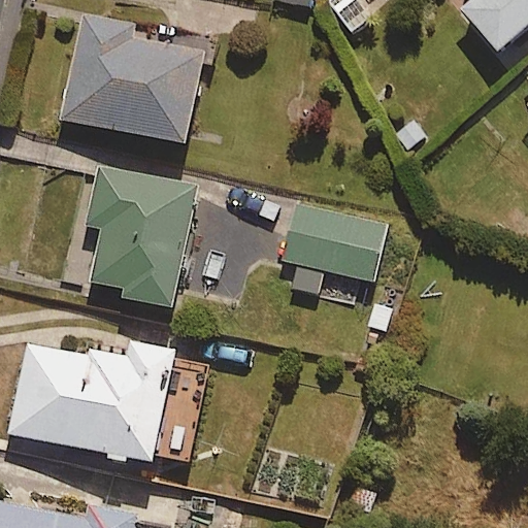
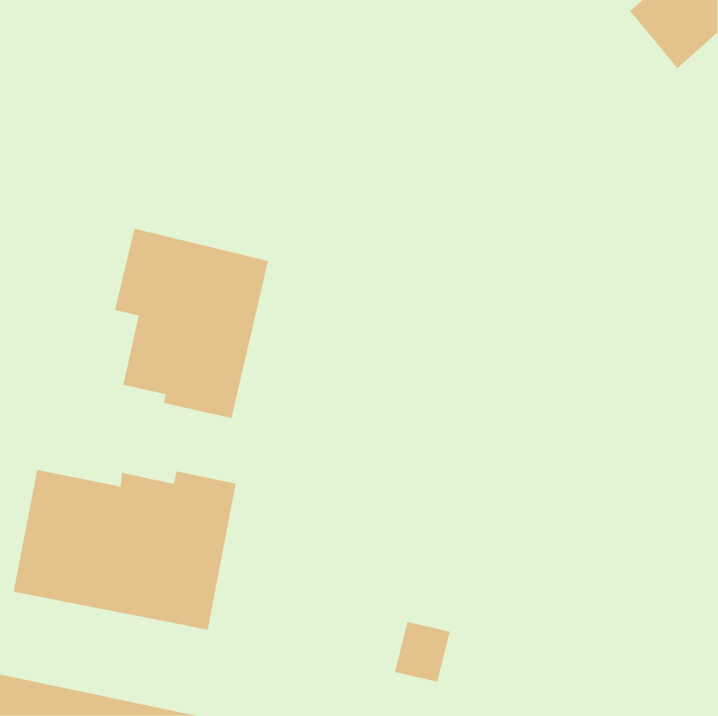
building: [62,15,204,143] -> none
building: [283,208,384,291] -> none

